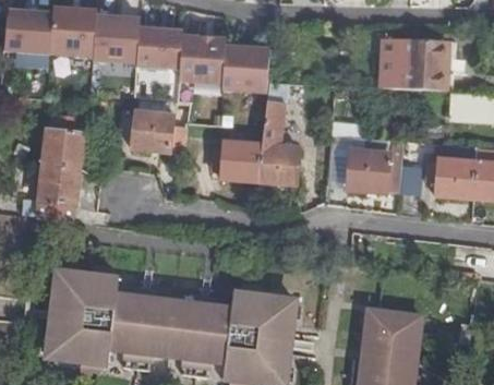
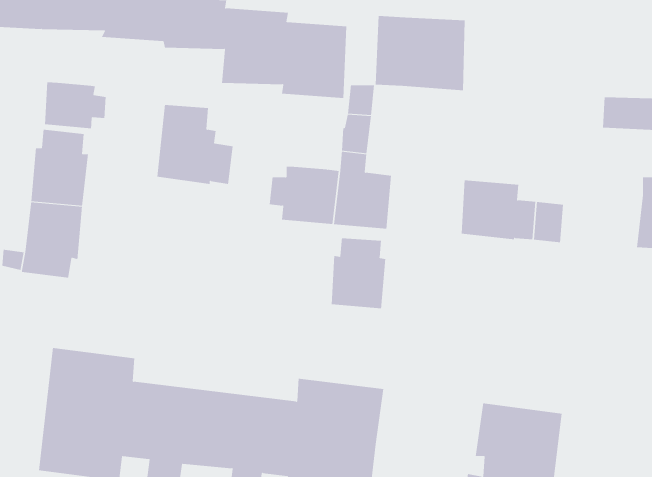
building: [383,39,447,93] -> [375,16,466,91]
building: none -> [44,82,106,129]
building: [427,159,478,200] -> none
building: none -> [331,238,386,309]

